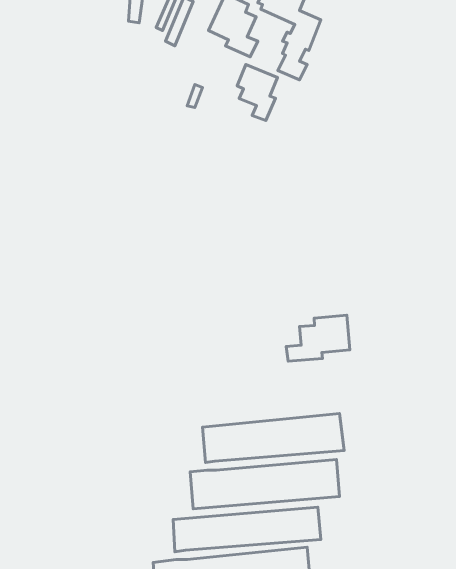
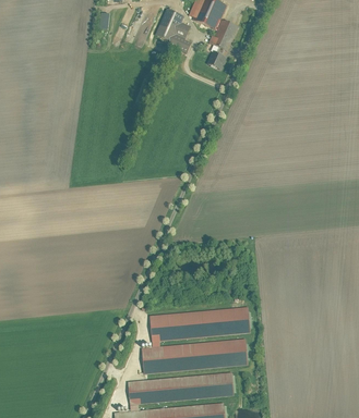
building: [237,64,278,120] -> none
building: [286,315,350,361] -> none

